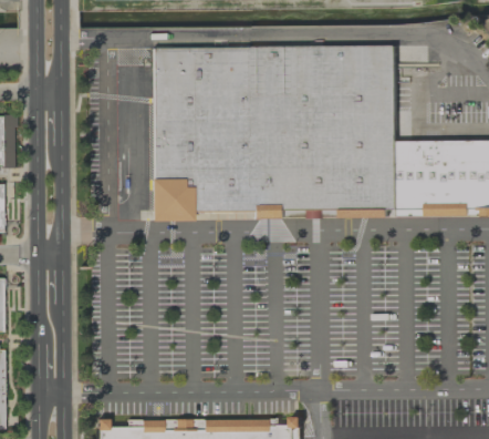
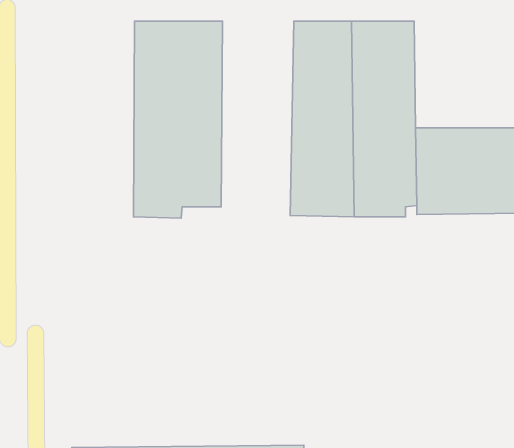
building: [228,48,292,219] -> none

